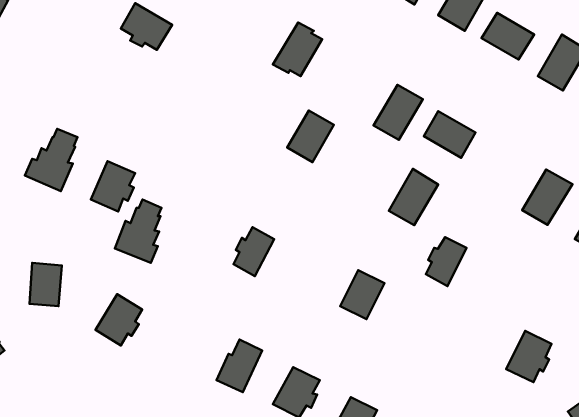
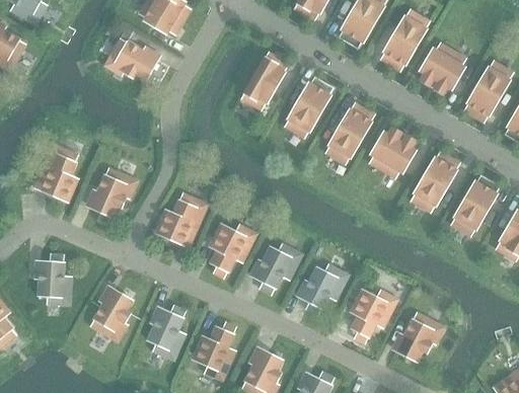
building: [287,111,334,162] -> [290,83,329,127]
building: [389,169,438,225] -> [415,157,456,205]
building: [115,199,162,263] -> [158,192,198,246]
building: [426,237,467,286] -> [351,296,385,337]
building: none -> [253,246,292,288]
building: none -> [147,308,183,349]
building: [506,331,552,382] -> [394,318,433,362]

